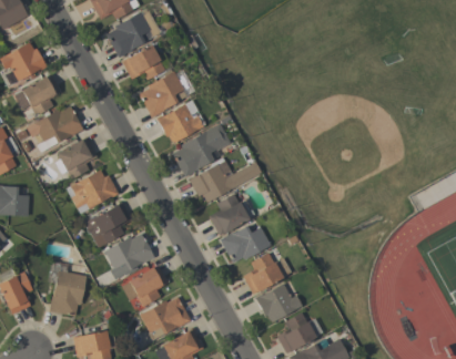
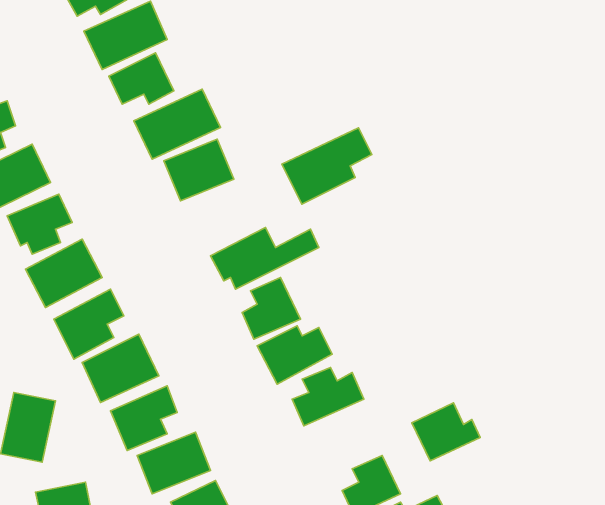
building: [170,125,230,176] -> [282,128,372,204]
building: [256,284,302,322] -> [412,403,480,461]

